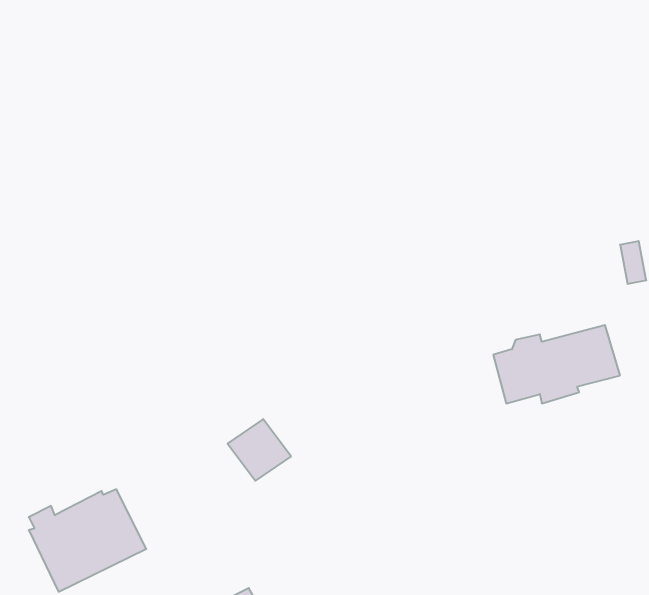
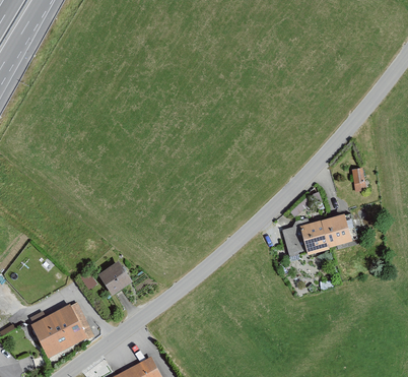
building: [228,419,291,481] -> [97,261,132,295]

